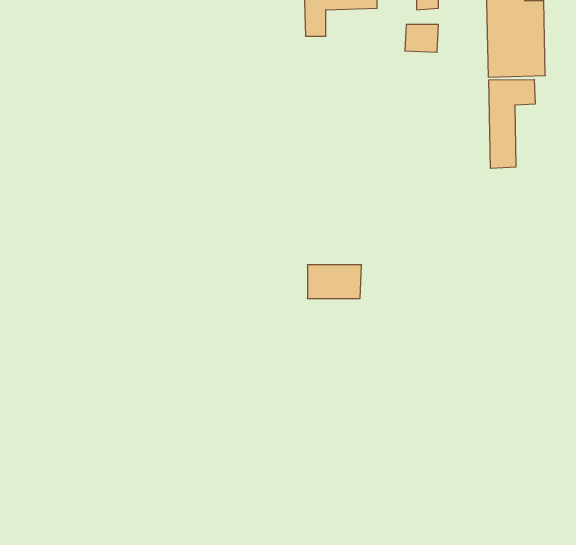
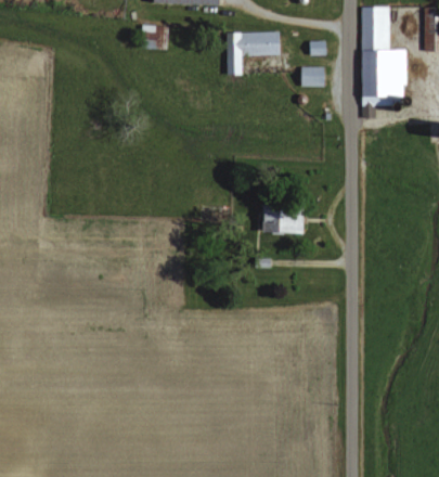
building: [489,79,535,168] -> none
building: [307,265,362,299] -> [263,208,304,233]

